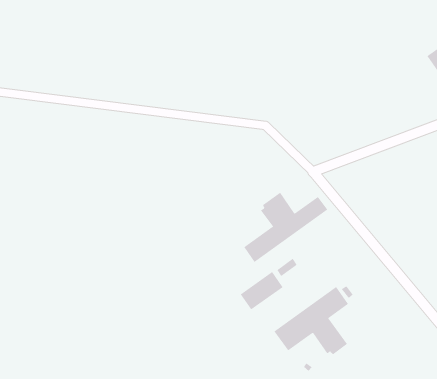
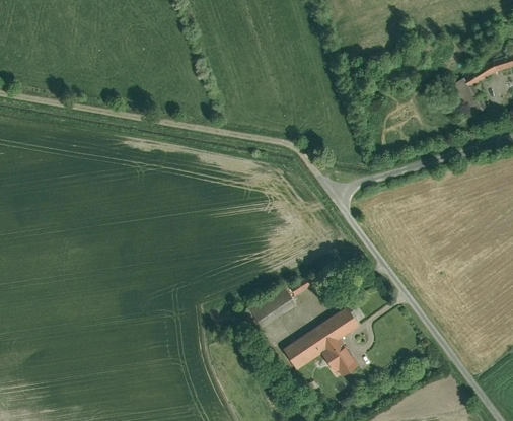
building: [243,192,328,263] -> none

